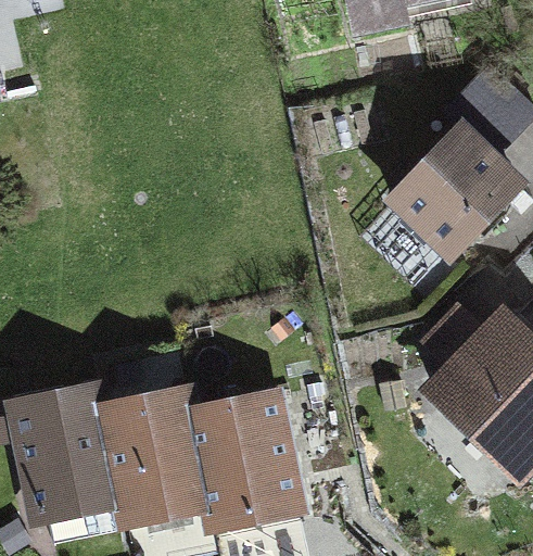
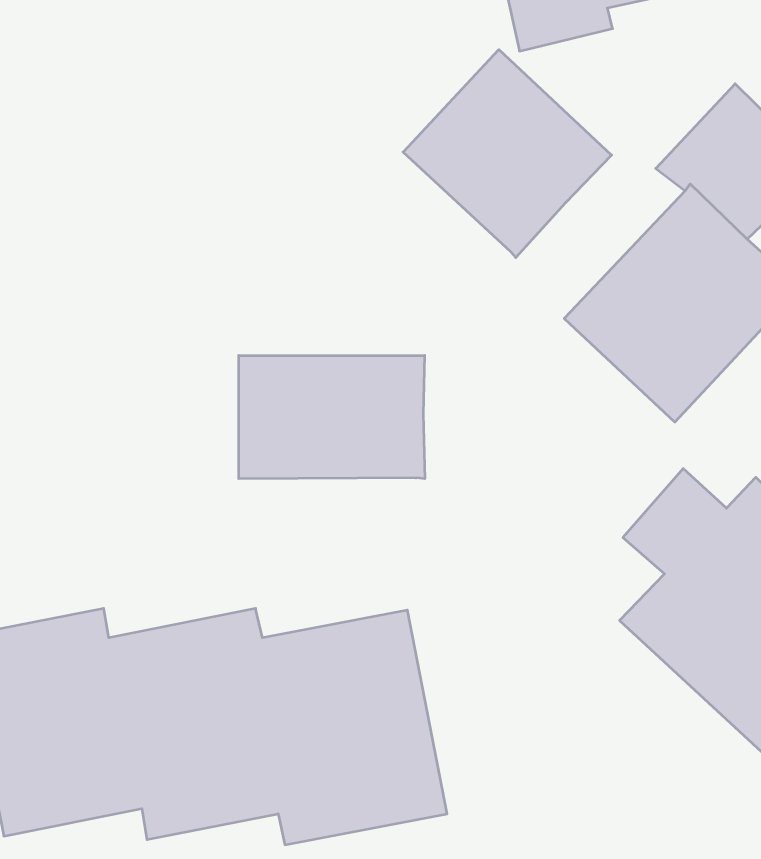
building: none -> [403,50,612,258]
building: none -> [239,355,425,479]

